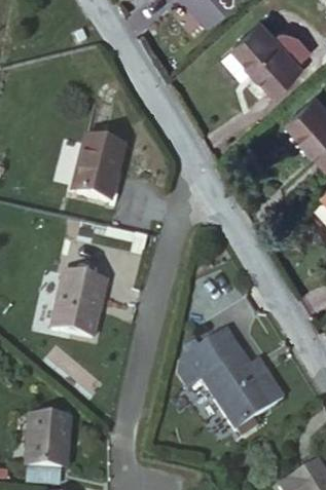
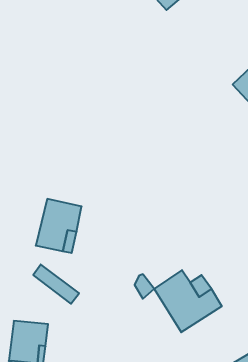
building: [238,26,302,89] -> none
building: [68,120,123,195] -> none
building: [181,335,230,378] -> none

